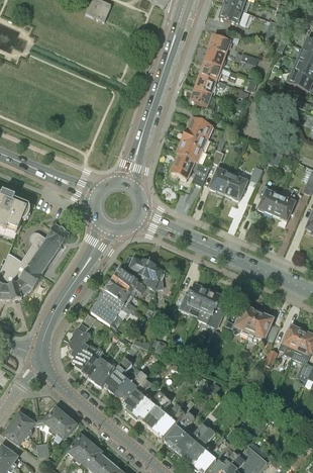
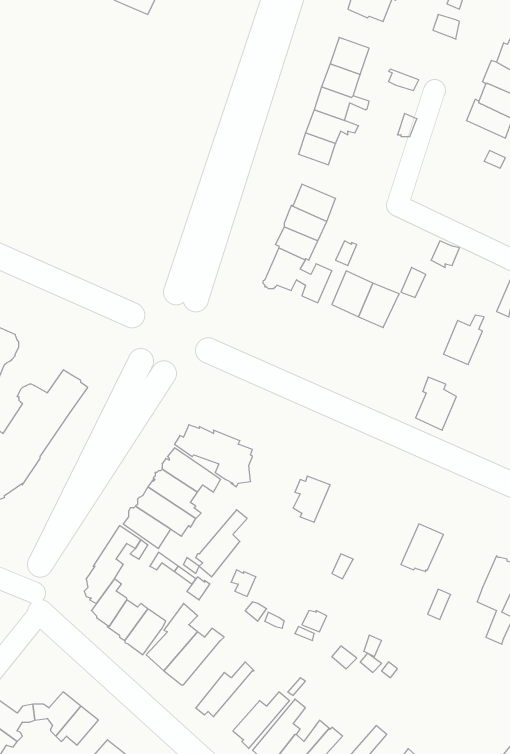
building: [257,184,281,214] -> [416,377,456,430]
building: [196,289,226,326] -> none
building: [225,305,258,335] -> none
building: [279,324,303,356] -> none
building: [122,378,151,416] -> [196,510,247,577]
building: [141,395,171,430] -> none

